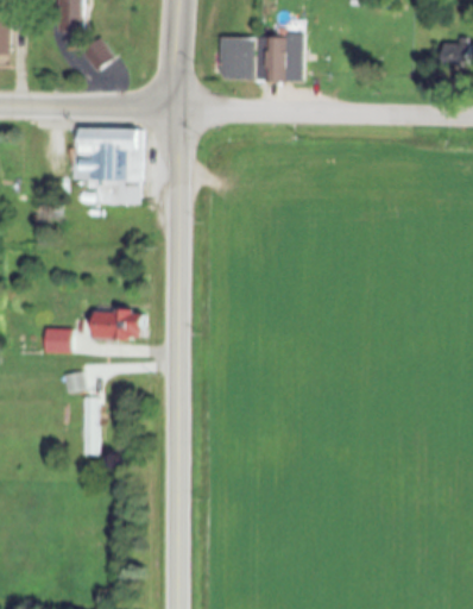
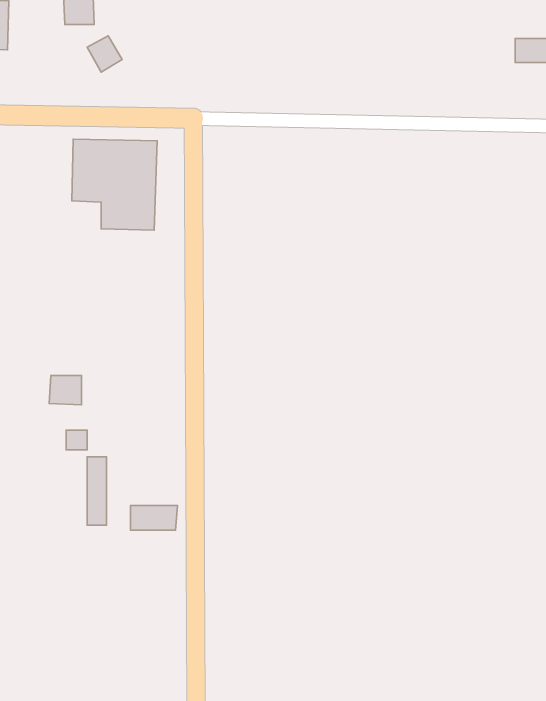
building: [216,34,301,80] -> none
building: [86,310,145,340] -> none
building: none -> [130,505,177,530]

